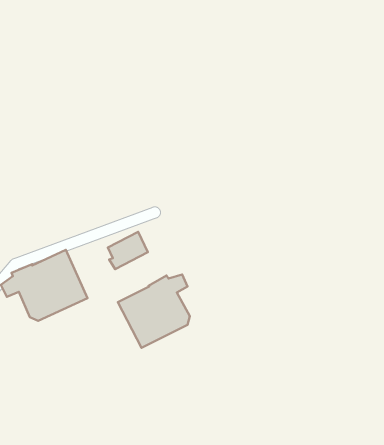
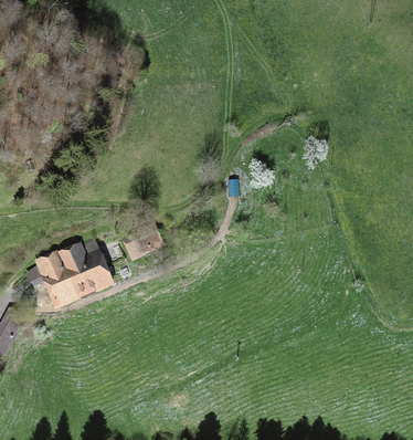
building: [118,275,190,348] -> none

